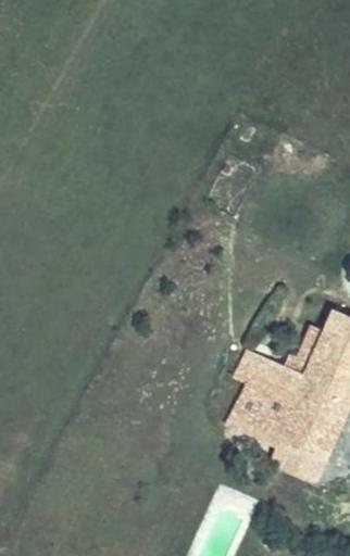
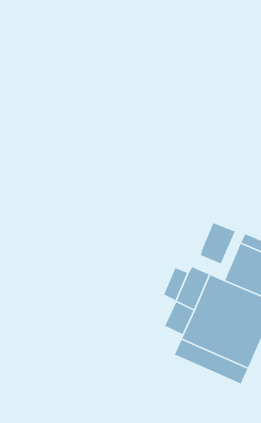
building: none -> [200,222,236,264]

